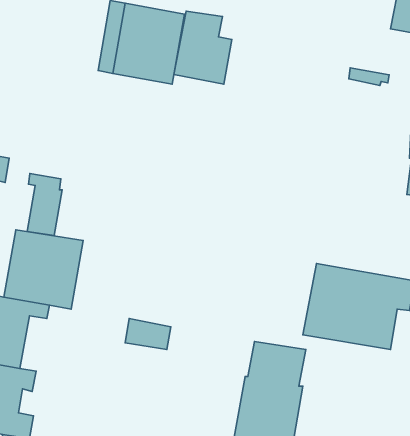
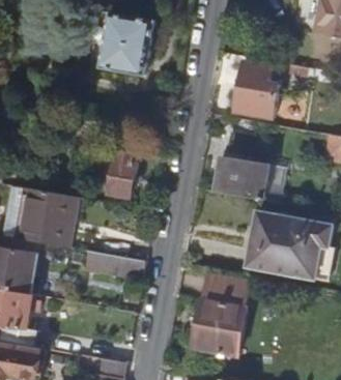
building: [174,11,232,84] -> [232,63,277,119]
building: [27,174,62,236] -> [108,149,135,197]
building: none -> [214,157,268,201]

